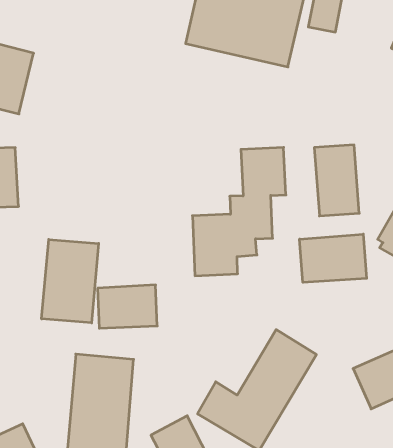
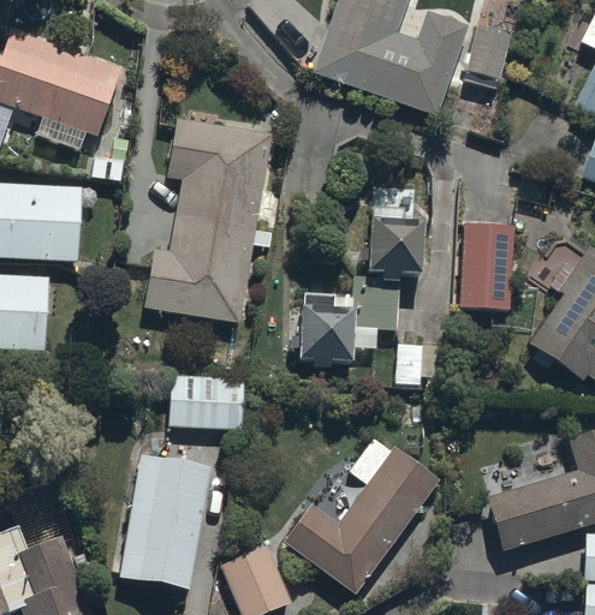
building: none -> [143,114,274,326]
building: [300,234,367,282] -> none
building: [42,239,99,323] -> none

